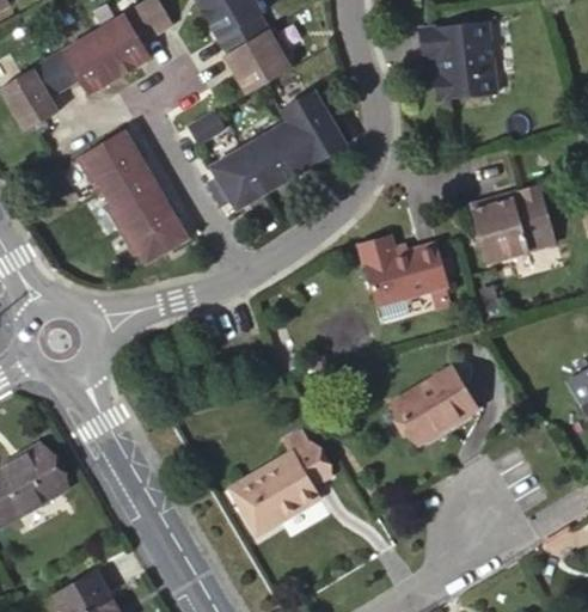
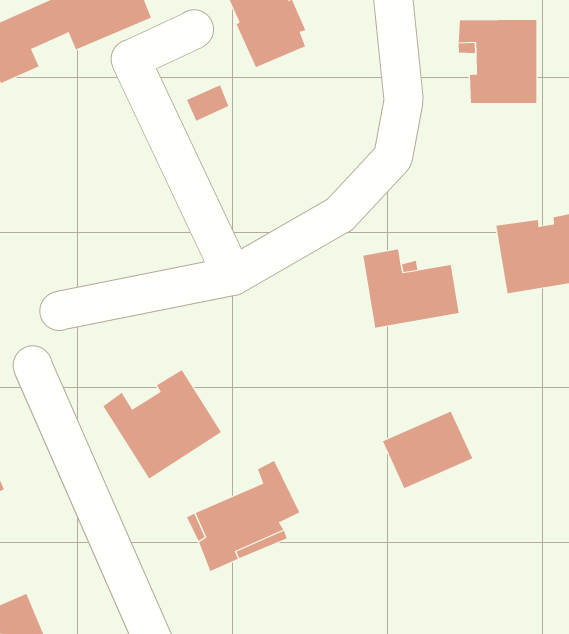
building: [210,85,348,214] -> none
building: [75,130,200,263] -> none
building: none -> [103,369,222,480]

